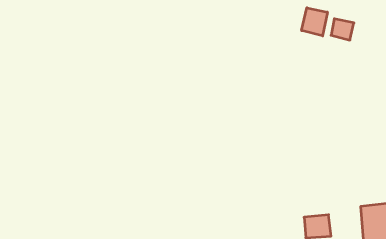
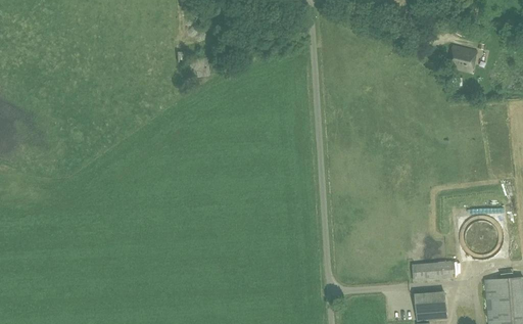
building: [302,8,327,36] -> none
building: none -> [413,260,456,279]

